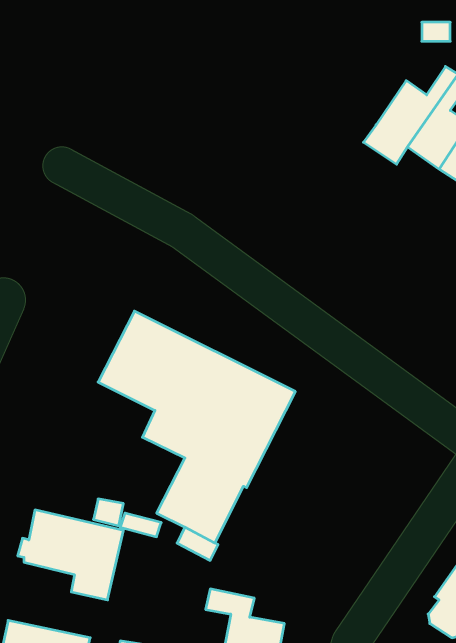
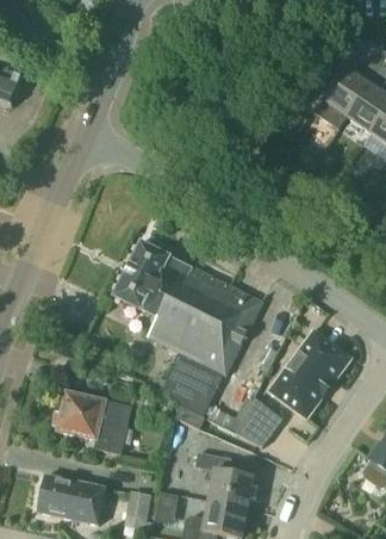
building: none -> [272,332,348,415]
building: none -> [236,397,282,446]

